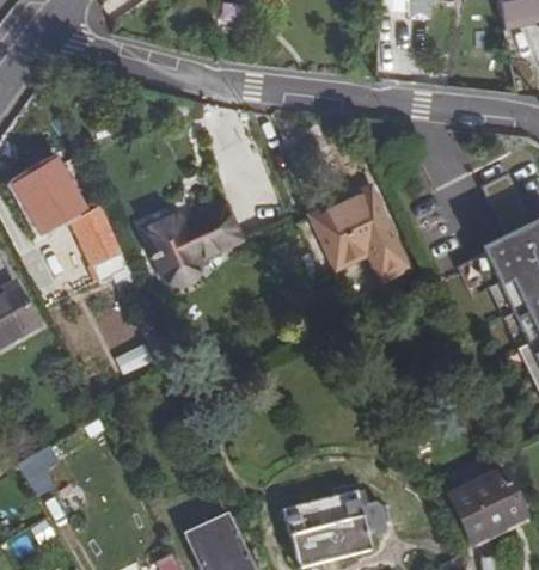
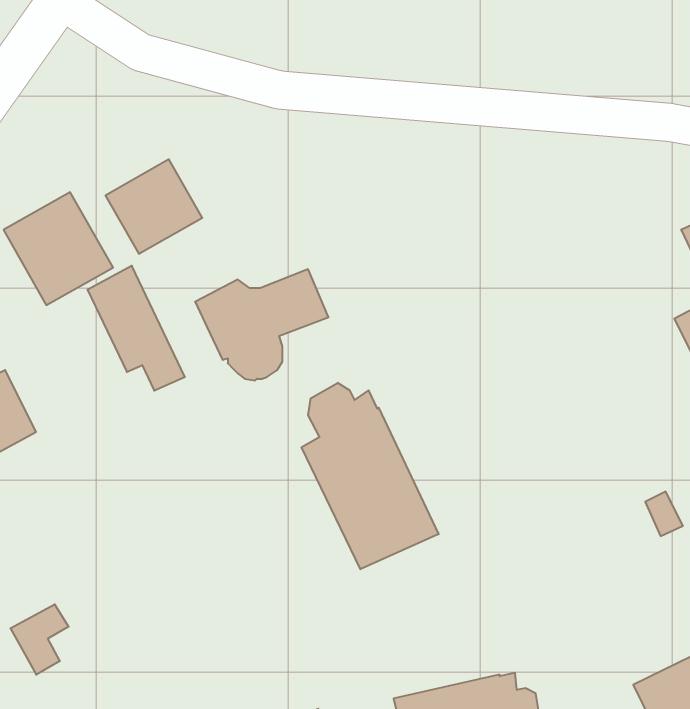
building: none -> [106,159,202,254]
building: [300,184,411,275] -> none
building: none -> [302,383,439,569]

